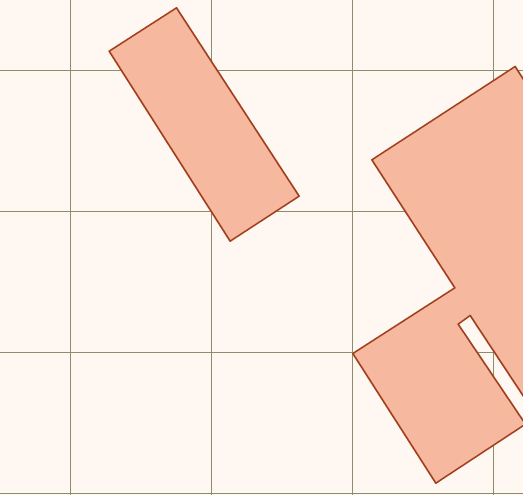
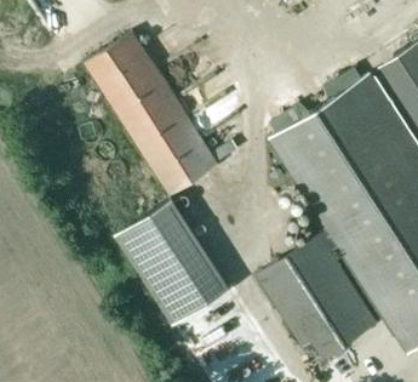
building: none -> [115,199,230,325]

